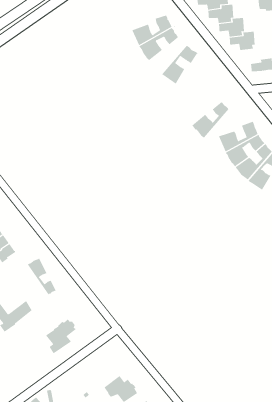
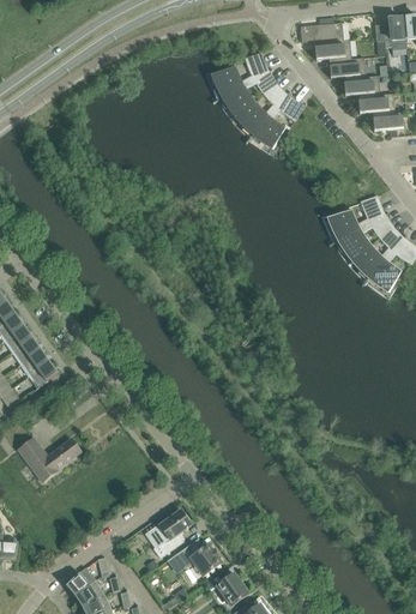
building: none -> [357,94,393,120]
building: [191,101,231,145] -> [235,84,289,143]
building: [22,257,56,298] -> none
building: [45,318,76,354] -> [147,510,189,558]

